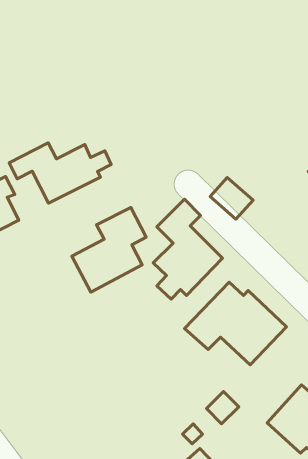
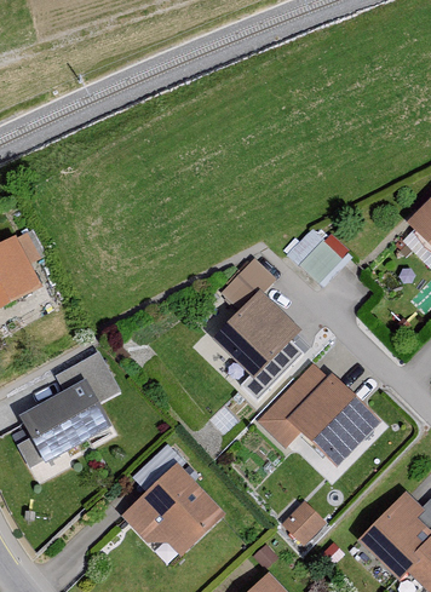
building: [9,143,111,203] -> none
building: [72,208,146,292] -> [24,352,119,460]
building: none -> [121,444,226,557]

